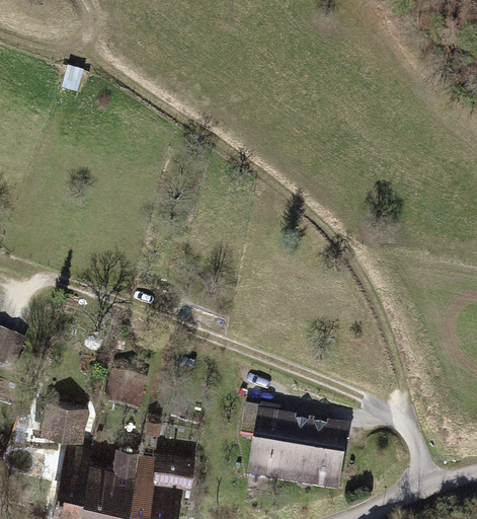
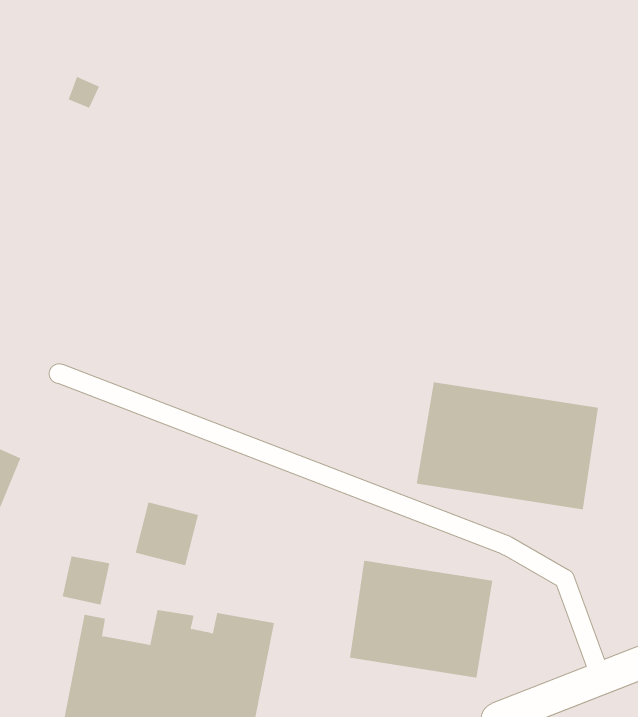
building: none -> [416,381,598,510]

